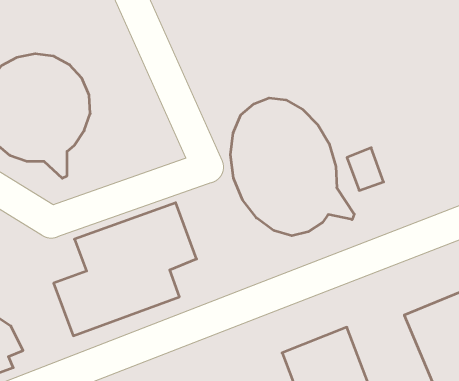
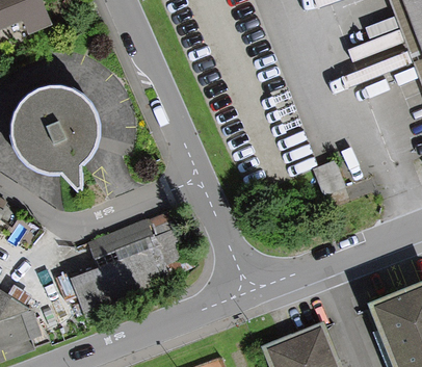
building: [230,98,354,236] -> none

